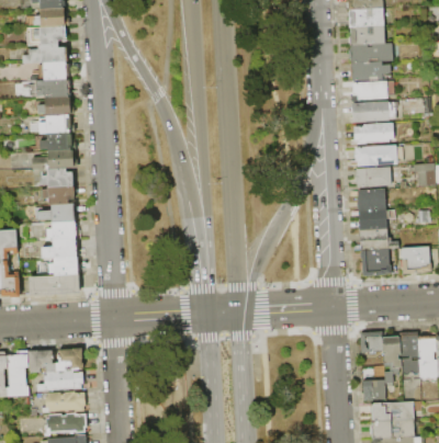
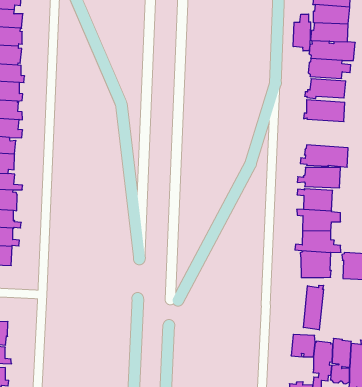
building: none -> [293,14,311,51]
building: [351,123,395,144] -> none
building: none -> [303,285,324,330]

